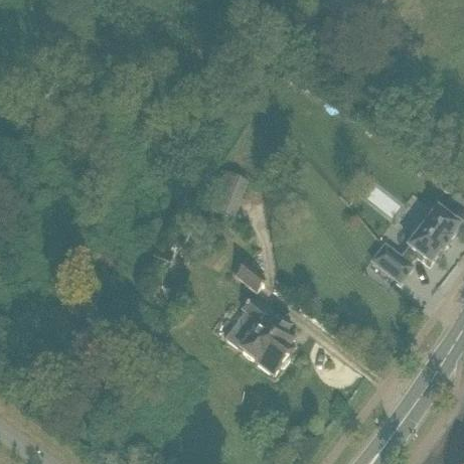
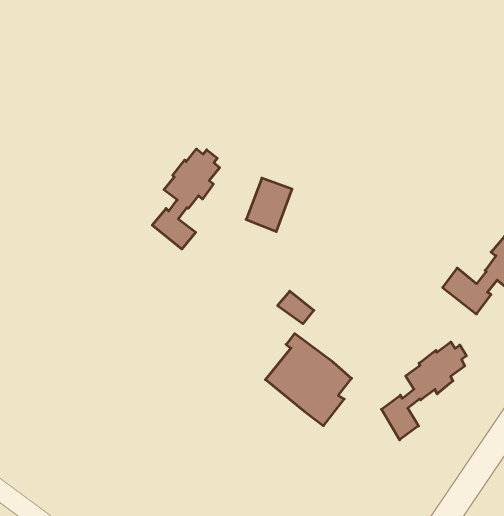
building: none -> [152,149,220,249]
building: none -> [381,342,466,440]

